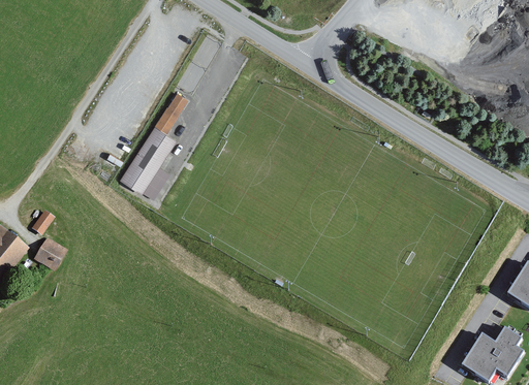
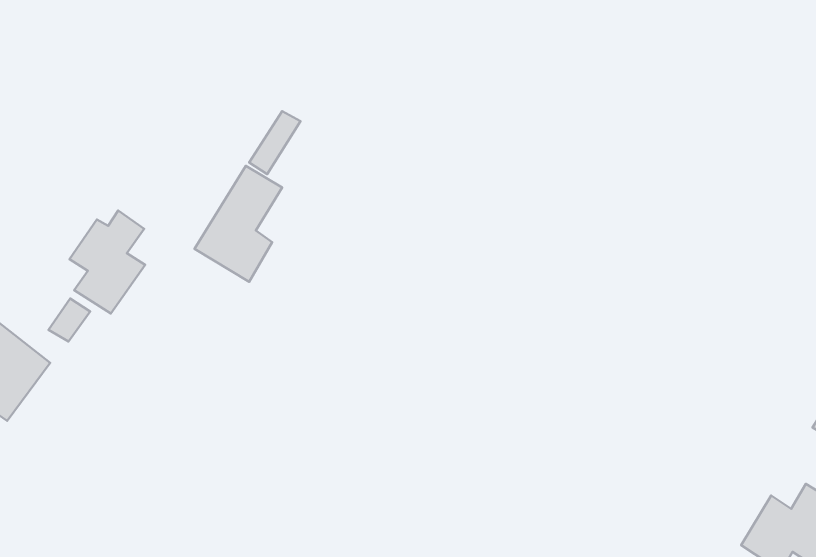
building: none -> [70,210,145,314]
building: [34,237,70,274] -> none

